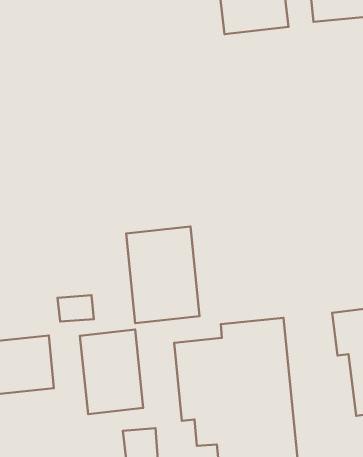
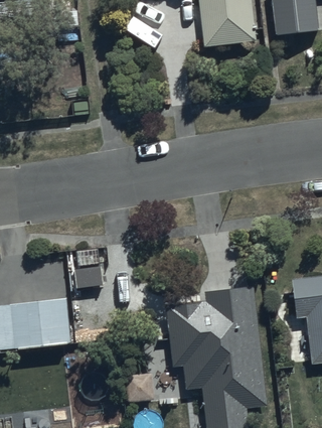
building: [126,227,200,323] -> none
building: [80,330,143,414] -> none

